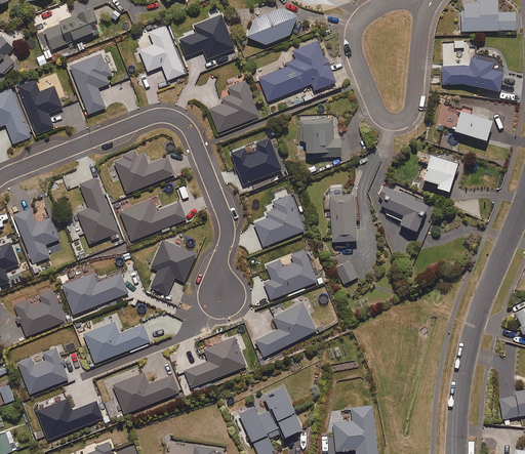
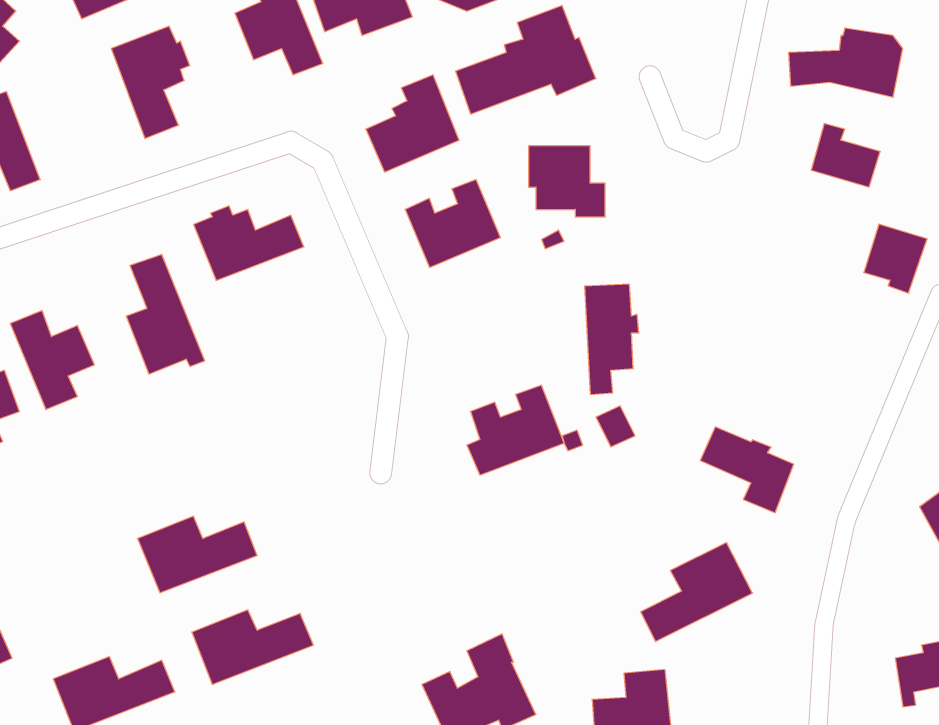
building: [16,79,63,134] -> none
building: [422,154,457,192] -> [864,224,927,293]
building: [373,184,425,232] -> [700,427,794,513]
building: [254,194,305,246] -> none
building: [119,198,187,240] -> none
building: [151,240,195,294] -> none
building: [60,273,128,314] -> none
building: [14,289,66,335] -> none
building: [255,301,317,356] -> [640,543,753,642]
building: [185,335,247,387] -> none
building: [17,346,69,394] -> none

